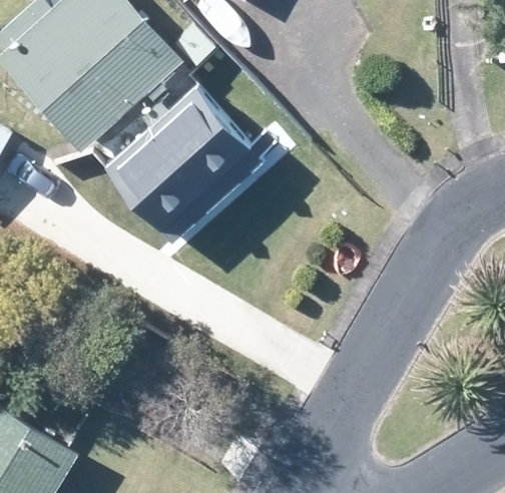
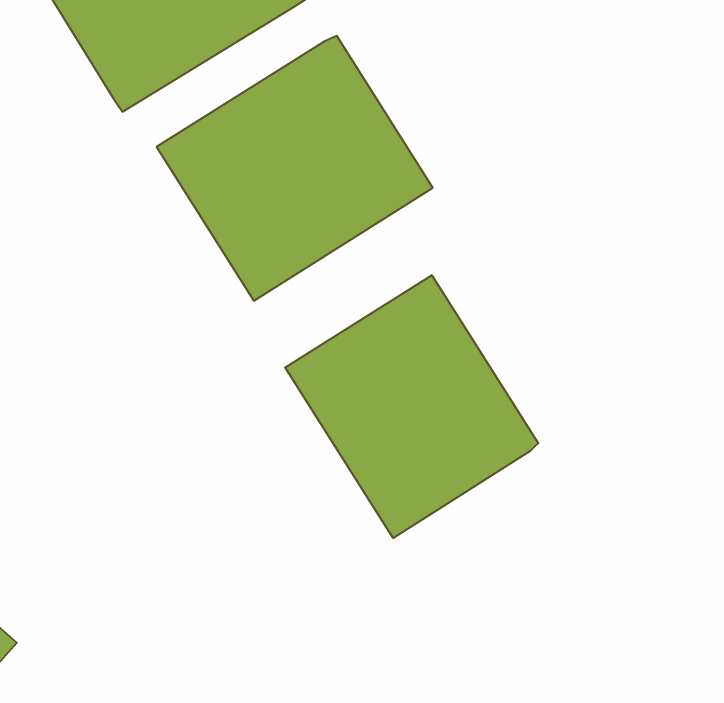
building: none -> [285,275,538,538]

